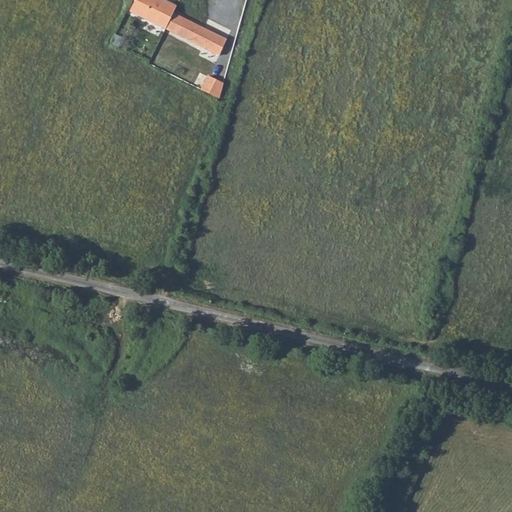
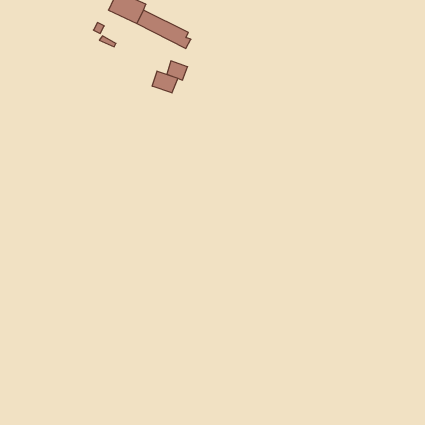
building: none -> [152,71,178,93]

